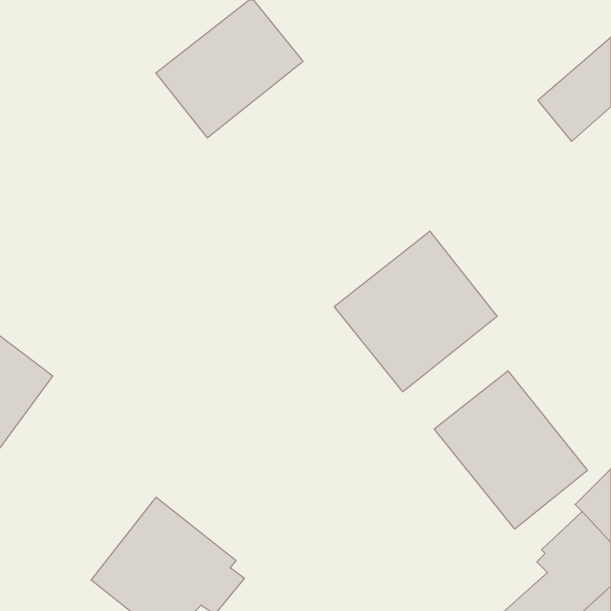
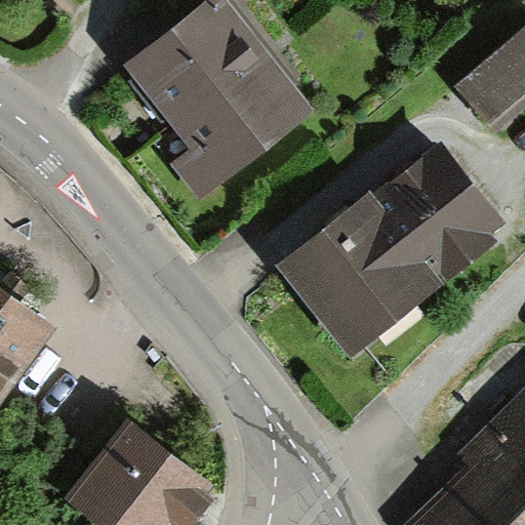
building: none -> [177,53,304,173]
building: none -> [372,150,495,273]
building: [434,371,587,529] -> none

